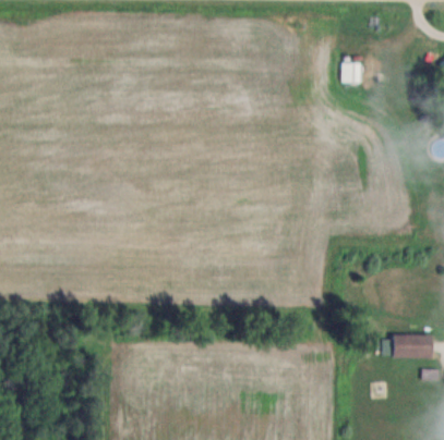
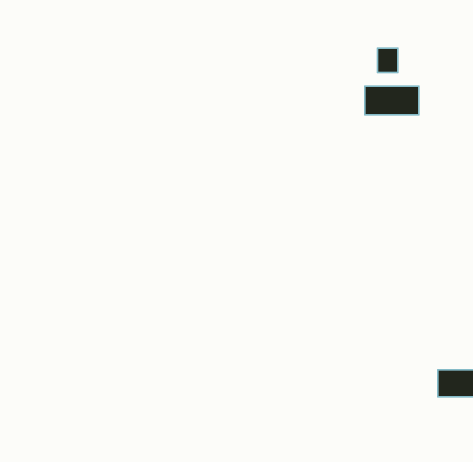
building: none -> [365,86,419,115]

